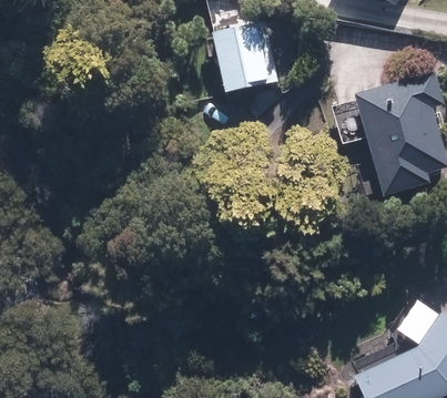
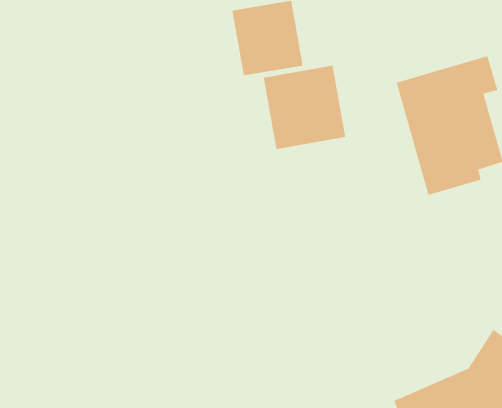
building: none -> [263,65,346,150]

